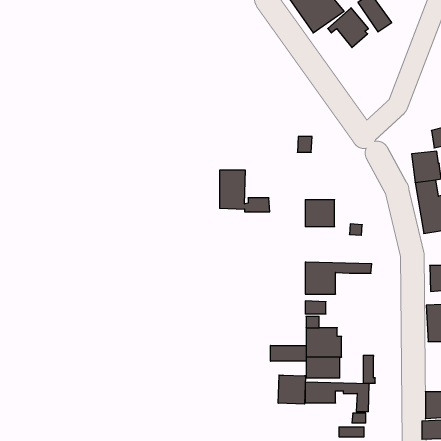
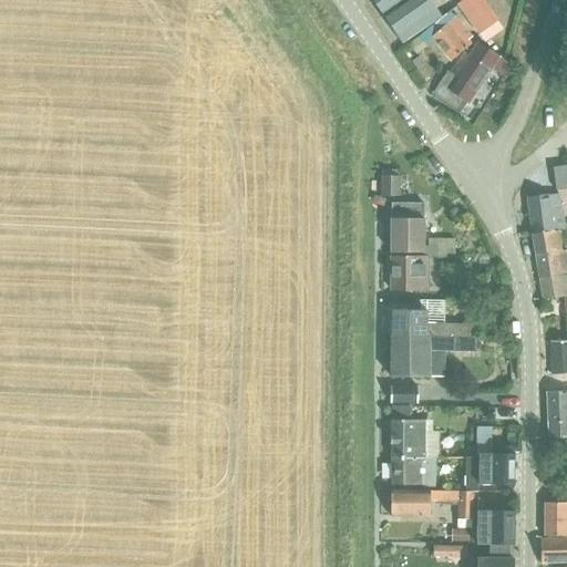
building: none -> [432,43,498,113]
building: [220,170,270,212] -> [392,203,456,256]
building: none -> [393,310,477,338]
building: [271,345,306,361] -> none
building: none -> [480,453,515,484]
building: [278,375,305,404] -> none
building: none -> [477,511,515,556]

